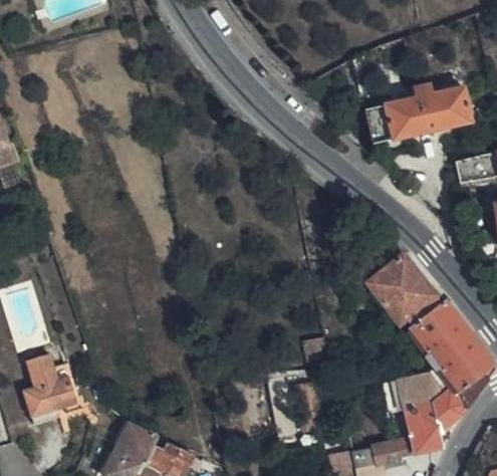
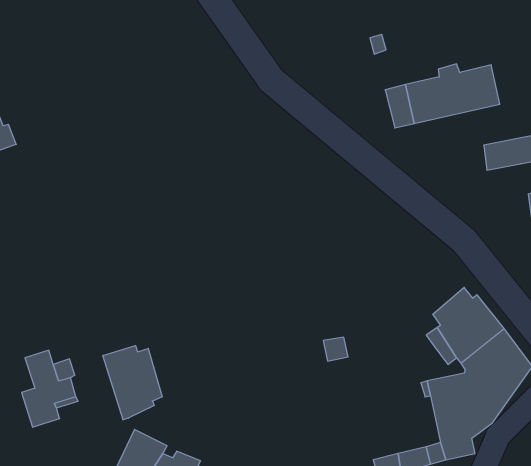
building: [366,239,434,322] -> none
building: none -> [103,346,162,420]

